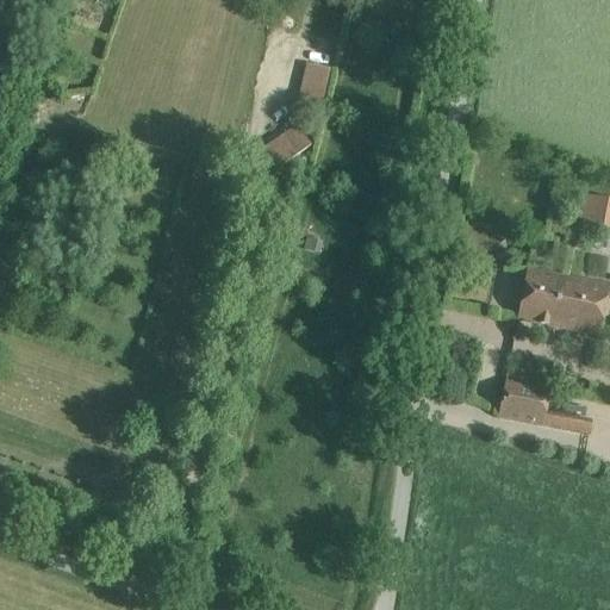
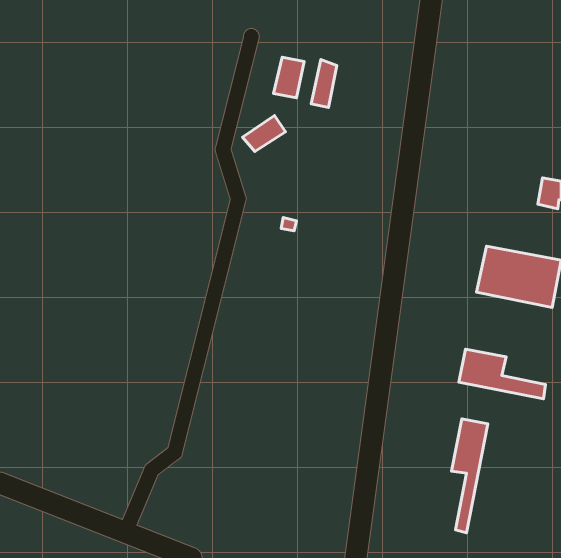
building: none -> [311,60,337,107]
building: none -> [451,419,488,533]

